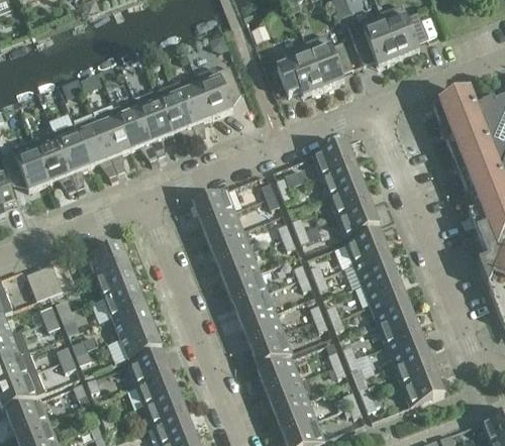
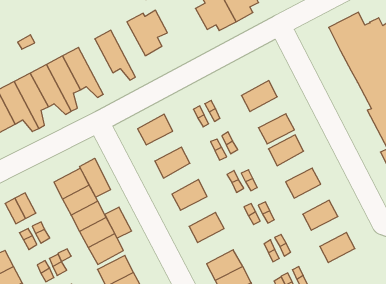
building: [174,74,211,140] -> none
building: [133,90,171,156] -> none
building: [312,141,355,176] -> none
building: [328,182,371,216] -> none
building: [201,209,242,242] -> none
building: none -> [80,158,110,197]
building: [217,249,259,284] -> none
building: [354,249,395,284] -> none
building: [233,291,275,324] -> none
building: [370,291,411,324] -> none
building: none -> [105,207,132,238]
building: [249,331,291,364] -> none
building: [386,331,427,364] -> none
building: [402,371,443,406] -> none

